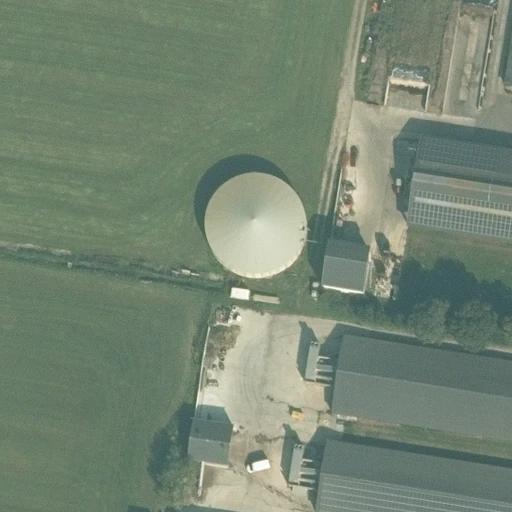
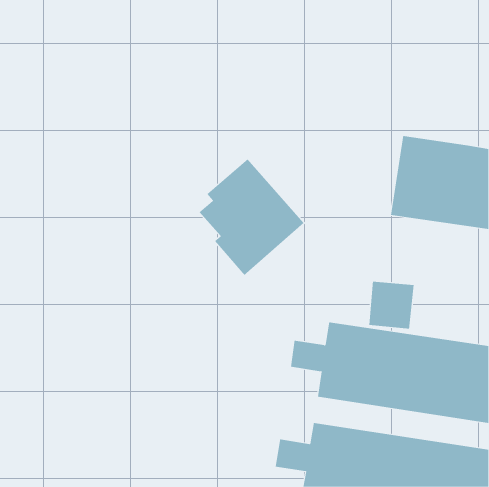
building: [322,242,370,292] -> [368,281,415,329]
building: [186,419,233,465] -> none

